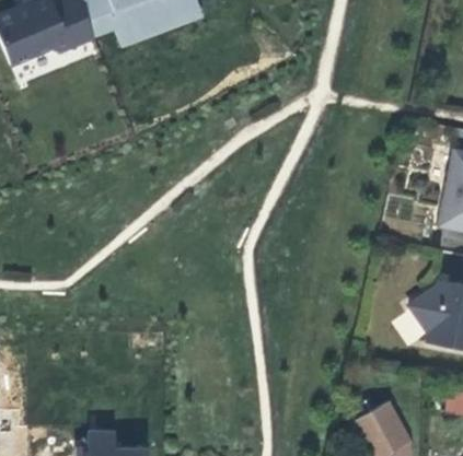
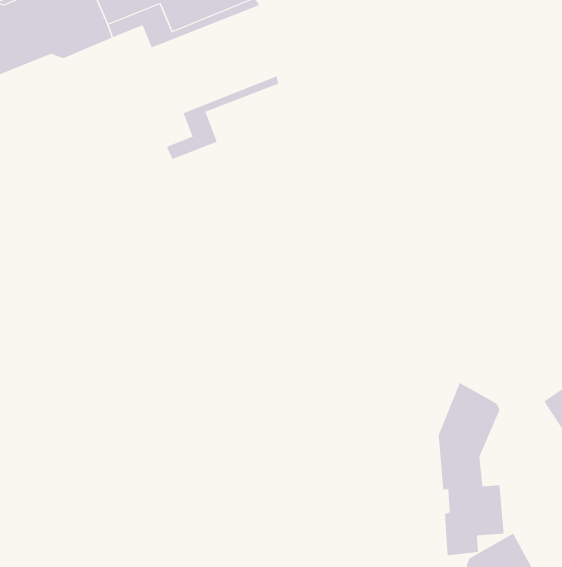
building: none -> [166,75,279,160]
building: none -> [438,382,504,556]

